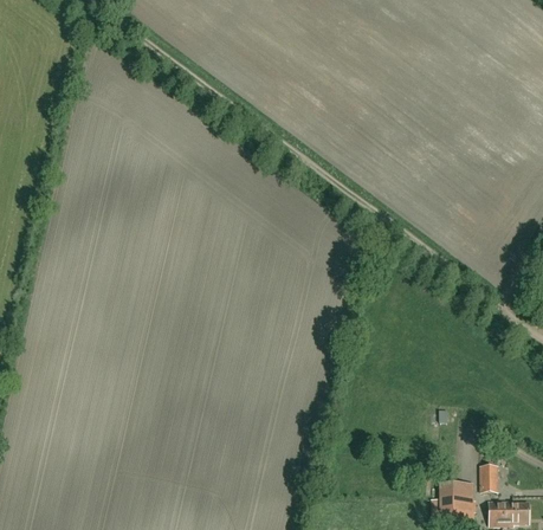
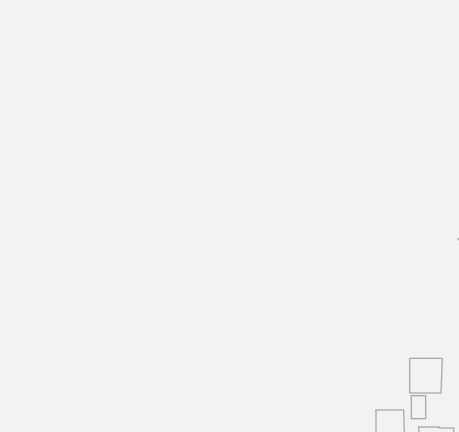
building: none -> [410,358,442,393]

